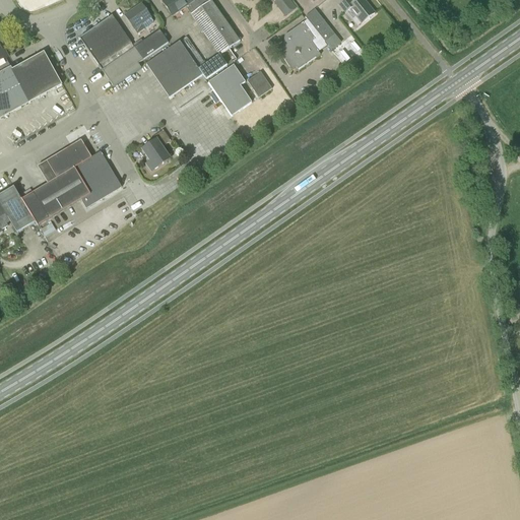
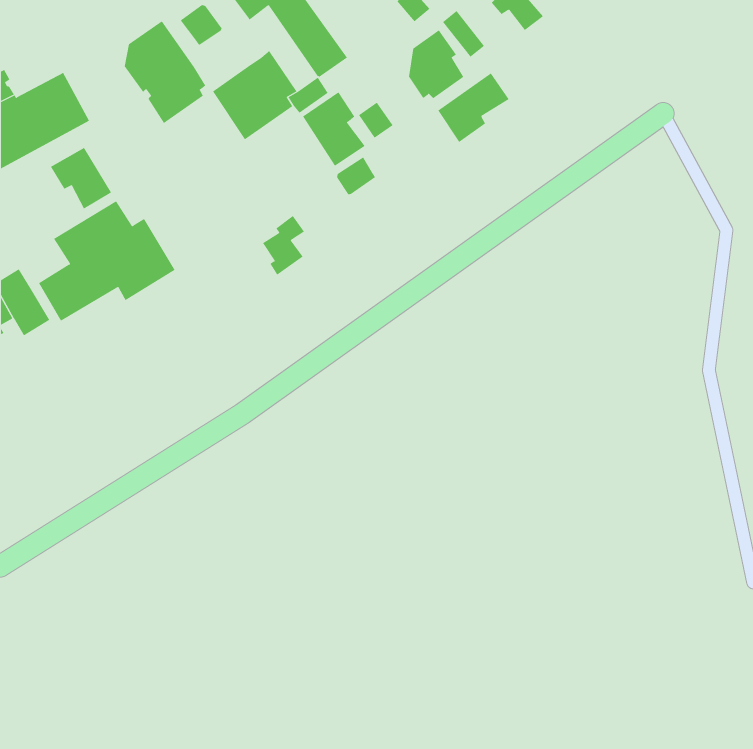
building: [134,28,168,59] -> none
building: none -> [437,72,509,143]
building: none -> [50,147,112,209]
building: none -> [337,157,376,195]
building: [141,128,171,170] -> [262,215,305,276]

